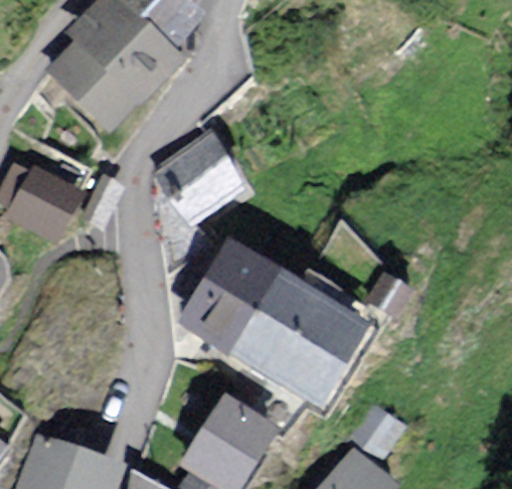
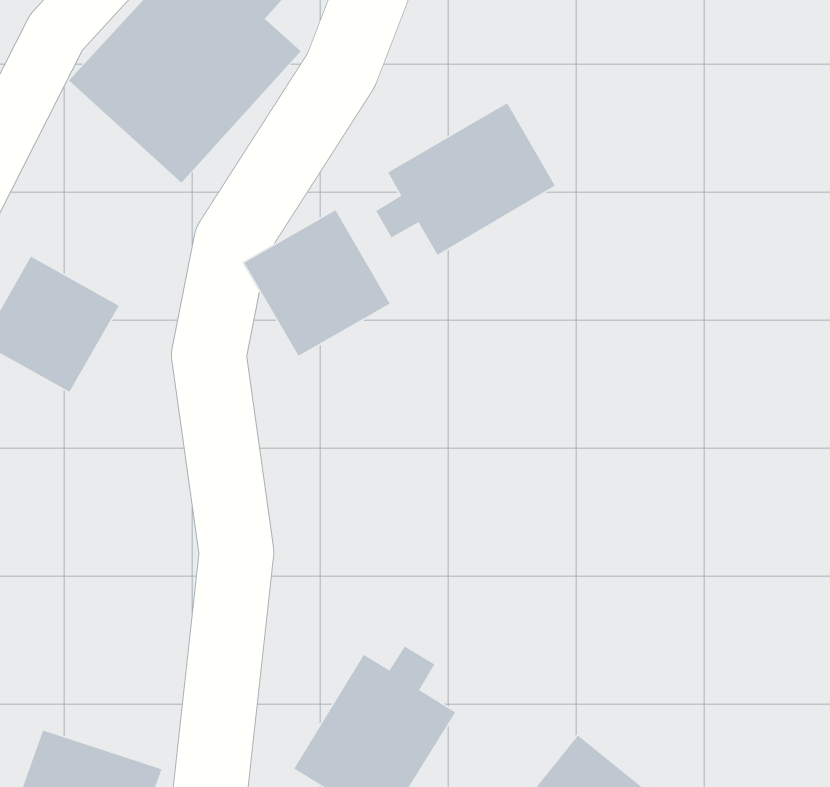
building: none -> [375,102,556,256]
building: [191,246,371,404] -> none

